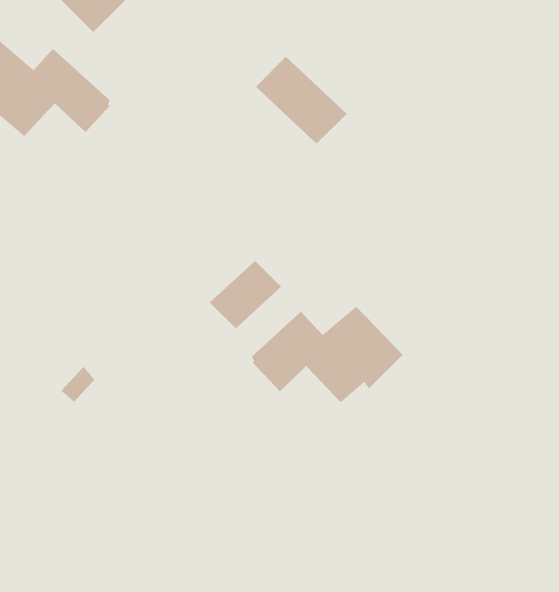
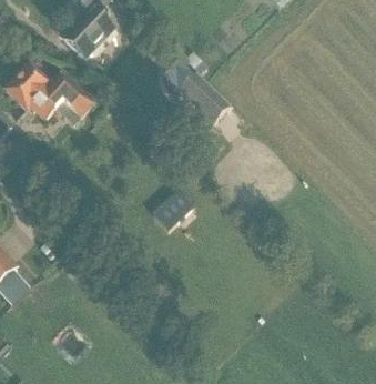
building: [251,306,403,403] -> none

